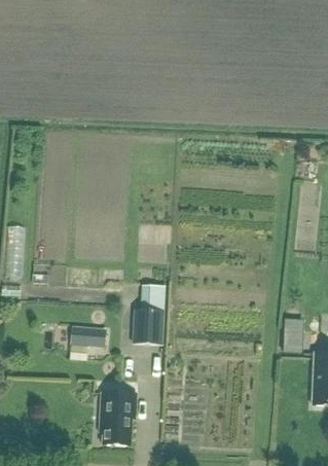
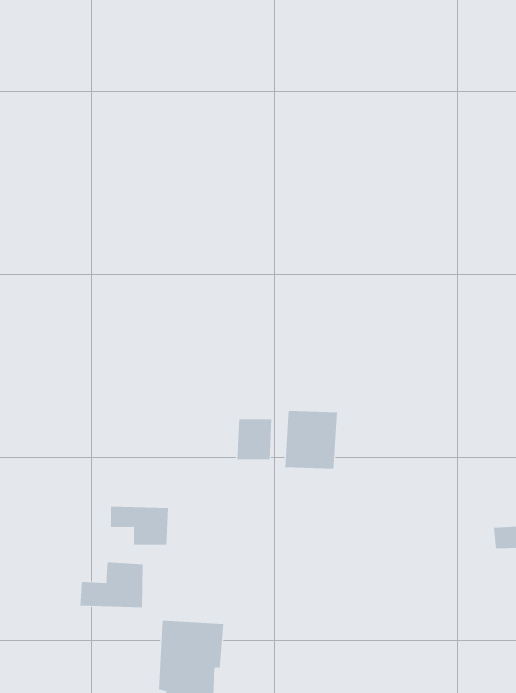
building: [132,310,162,344] -> [284,411,338,469]
building: none -> [80,562,143,608]

